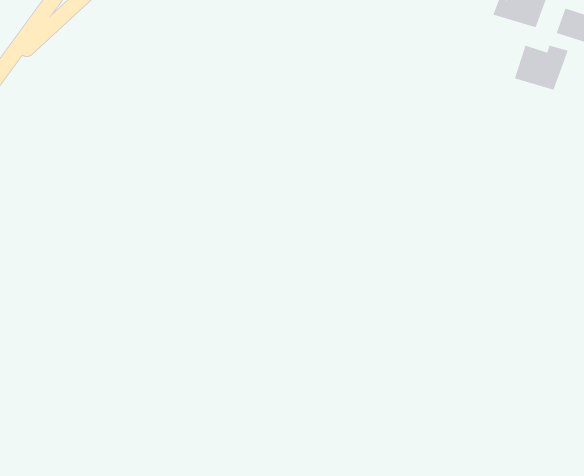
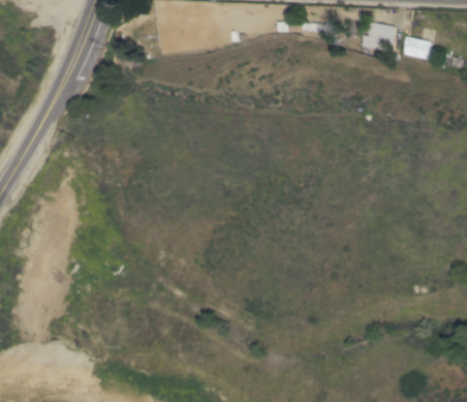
building: [514,45,568,90] -> none

